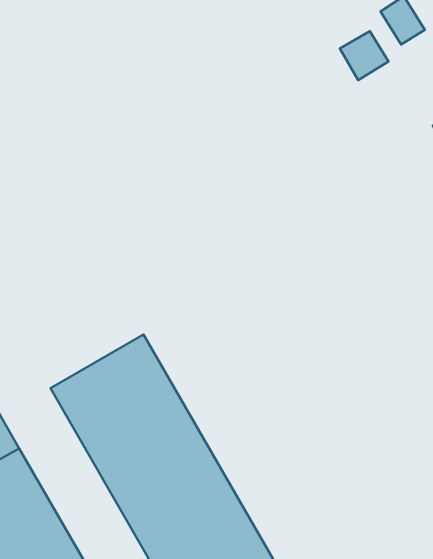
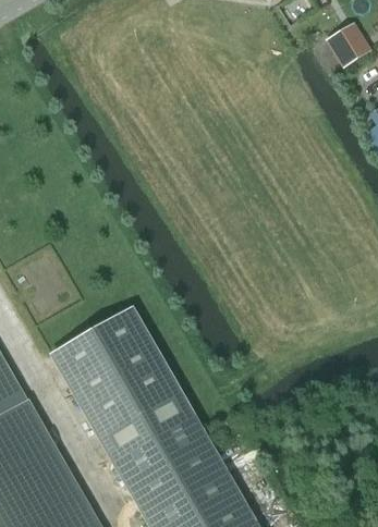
building: [340,31,389,80] -> none

